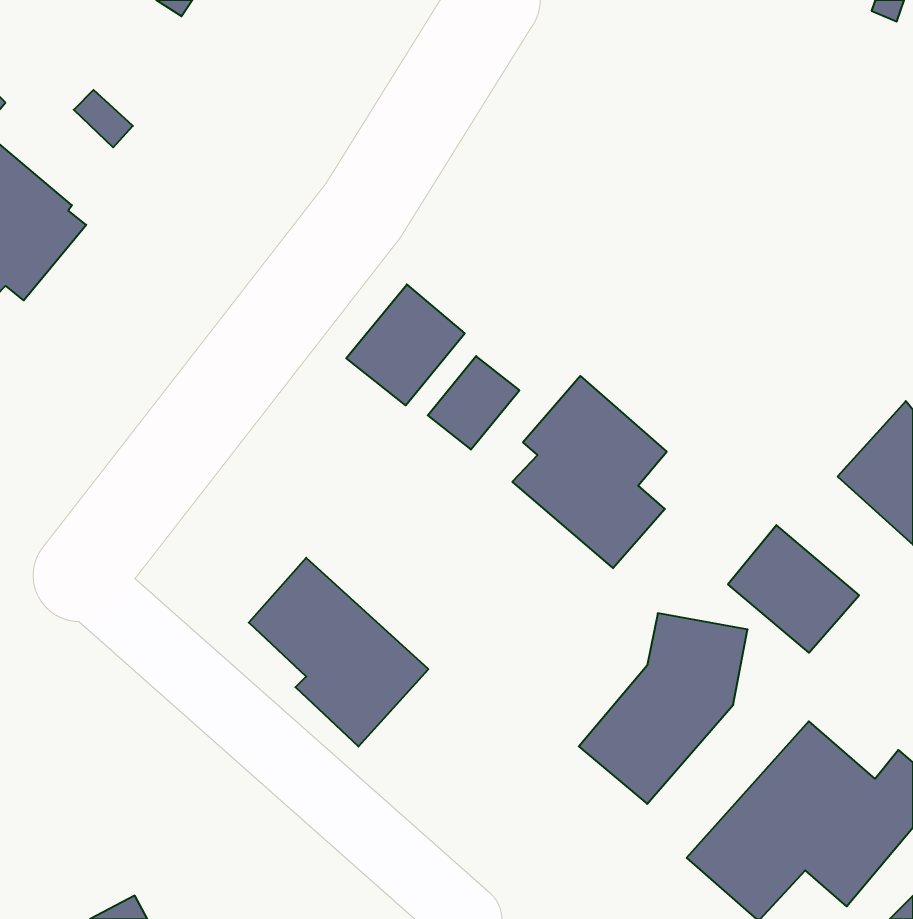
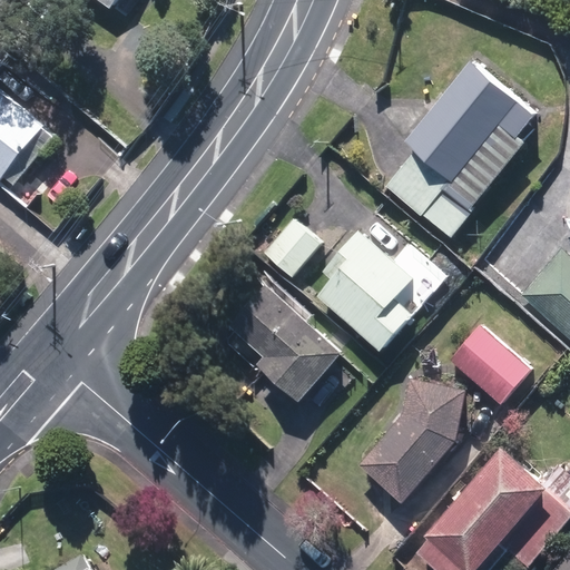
building: none -> [387,66,531,236]
building: [346,284,465,405] -> none
building: [249,558,428,747] -> [230,286,342,403]

